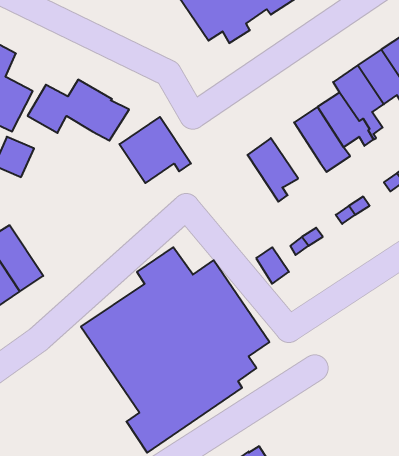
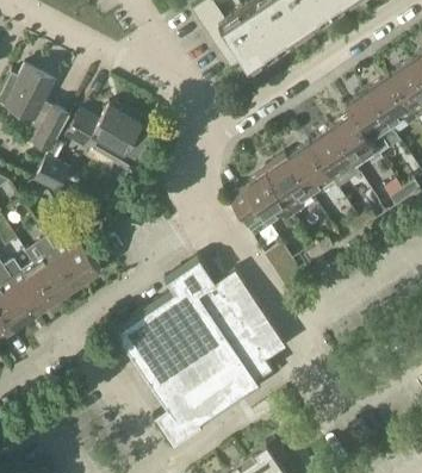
building: [119,117,191,183] -> [229,174,294,235]
building: none -> [287,144,333,195]
building: none -> [48,234,103,285]

